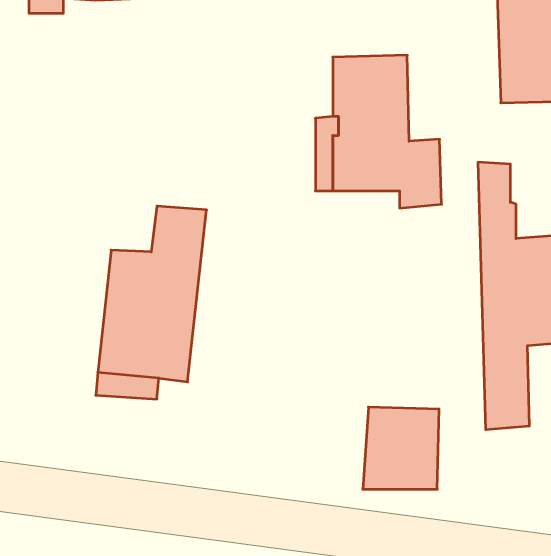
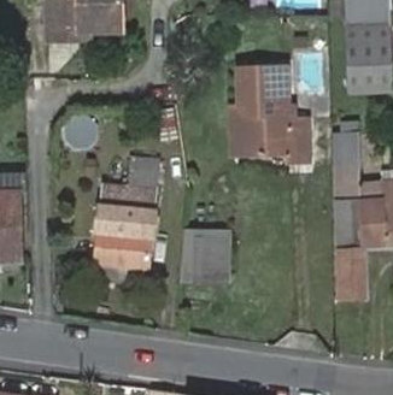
building: [363,407,439,489] -> [181,230,229,282]

